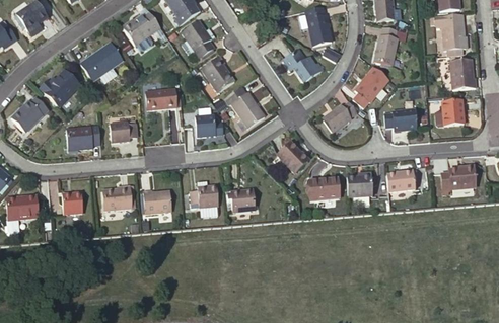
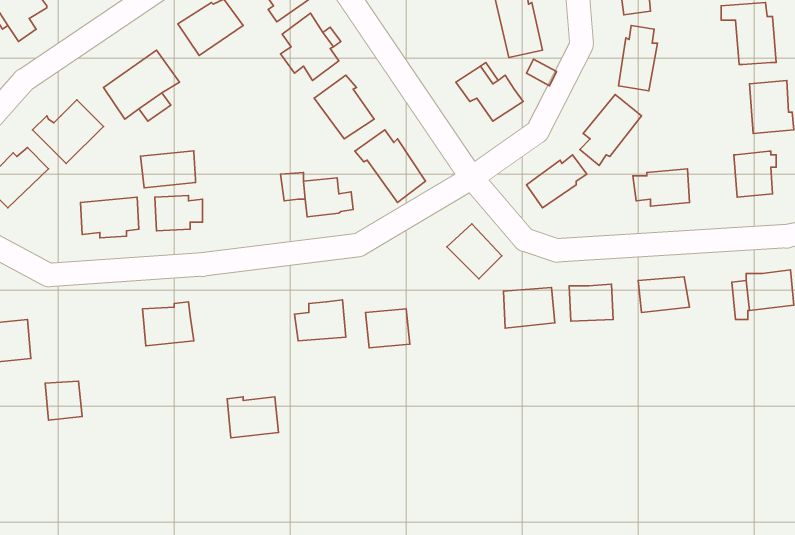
building: [145,89,176,110] -> [141,151,195,188]
building: [143,190,172,214] -> [227,397,279,438]
building: [62,192,83,215] -> [45,381,82,420]

